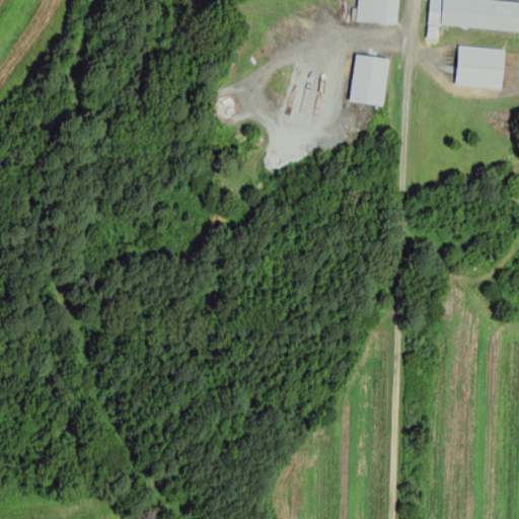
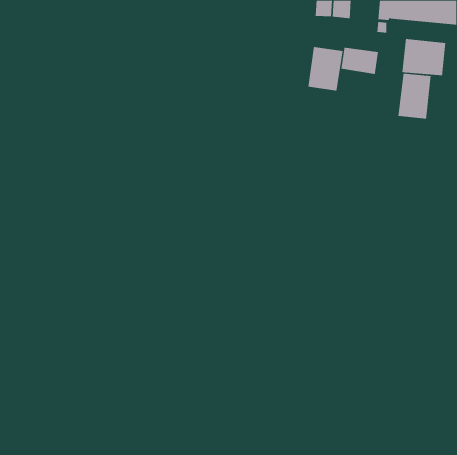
building: none -> [341,47,379,75]
building: none -> [398,73,431,120]

